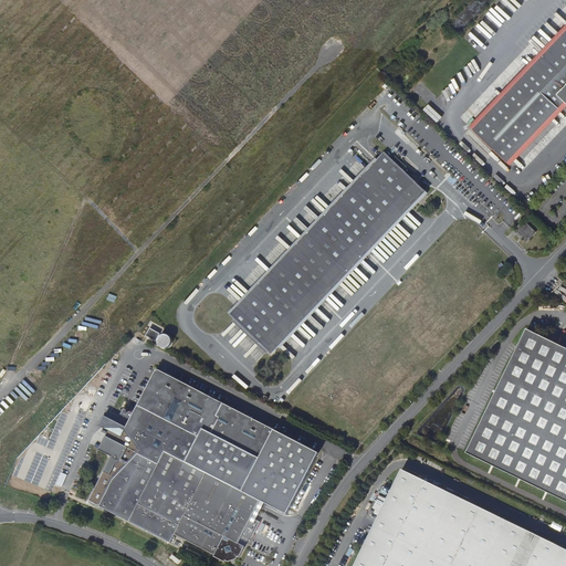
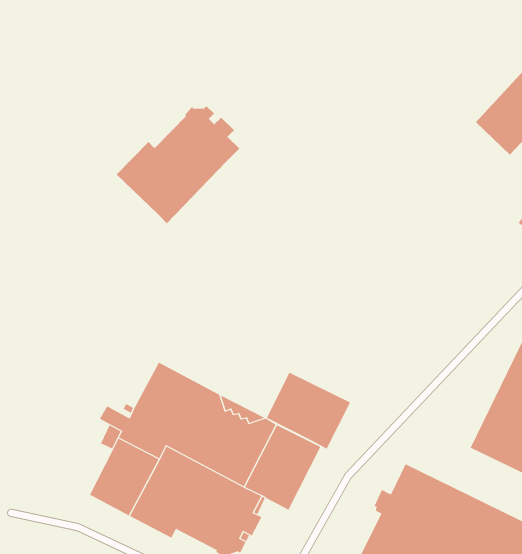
building: none -> [116,106,240,224]
building: [230,153,427,354] -> none
building: none -> [266,372,351,449]

